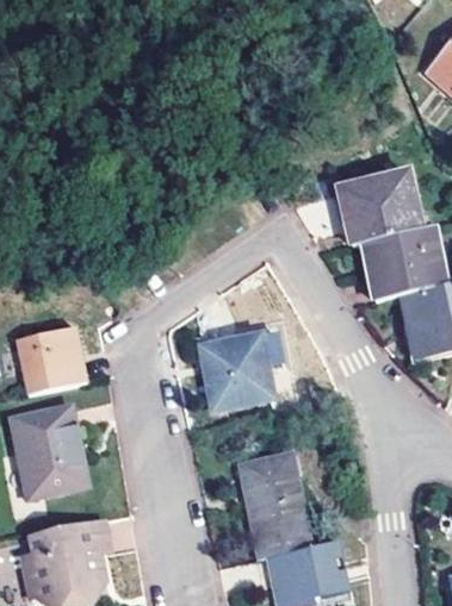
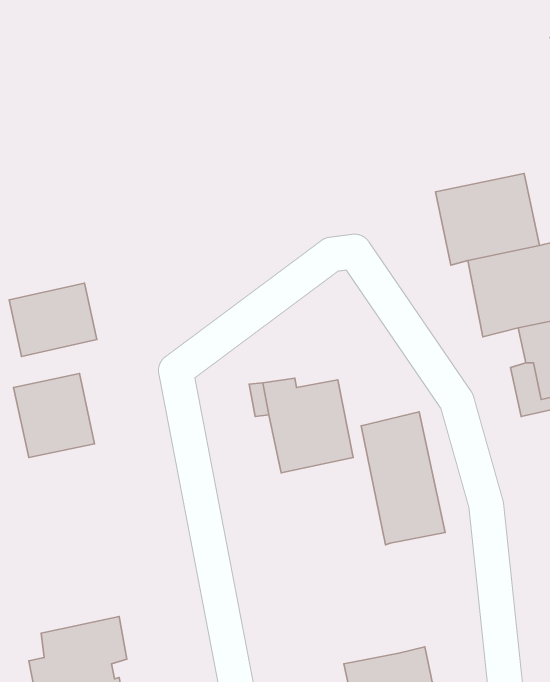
building: none -> [9,283,97,356]
building: [10,404,83,495] -> none
building: [247,452,312,556] -> [361,412,445,545]

